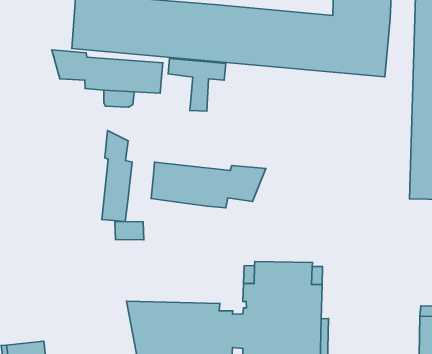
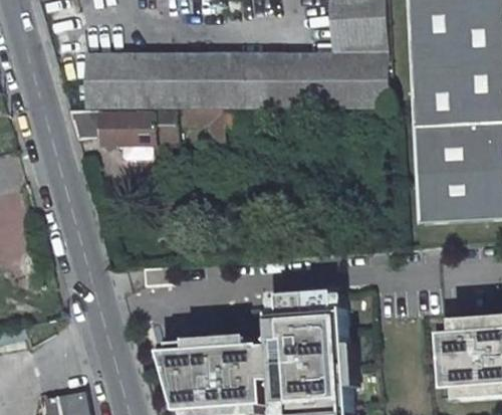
building: [102,131,132,222] -> none
building: [151,162,266,208] -> none

